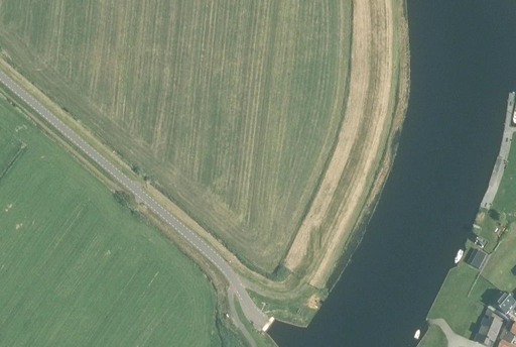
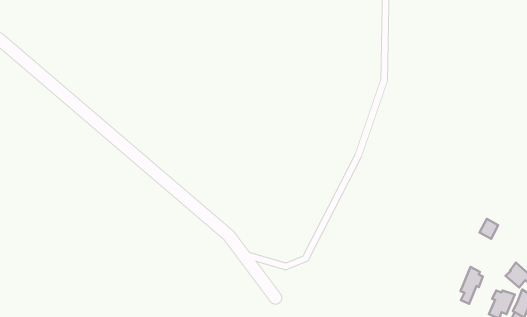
building: none -> [460,267,483,304]

